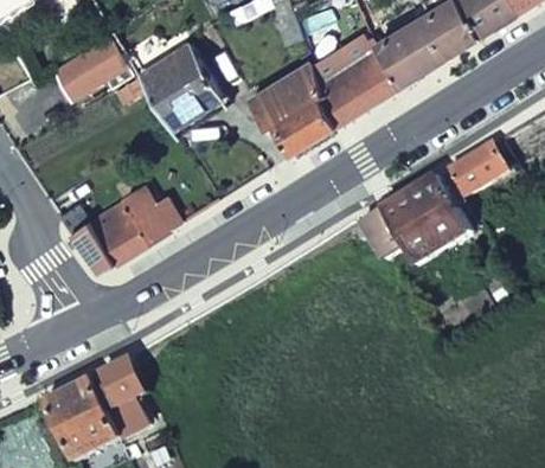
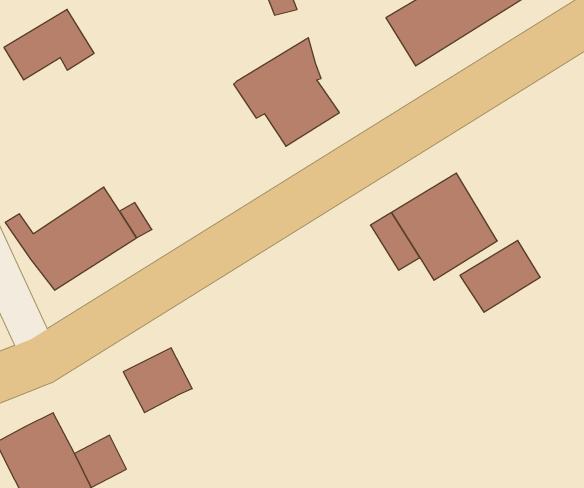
building: [137,44,222,124] -> none
building: [316,45,400,124] -> none
building: [442,142,509,203] -> [460,240,540,312]
building: [96,357,154,411] -> [123,348,192,413]

